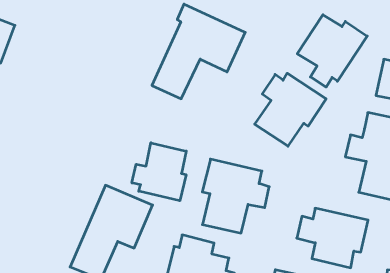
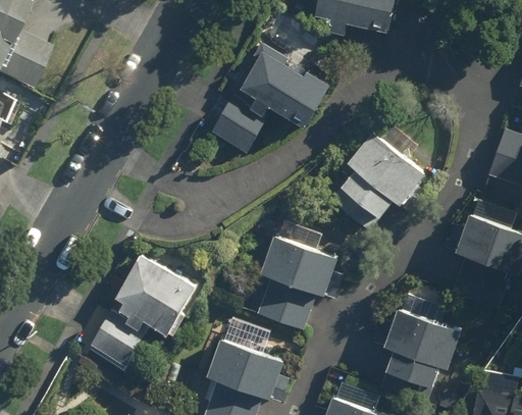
building: [297,15,367,87] -> none
building: [132,143,186,201] -> none

